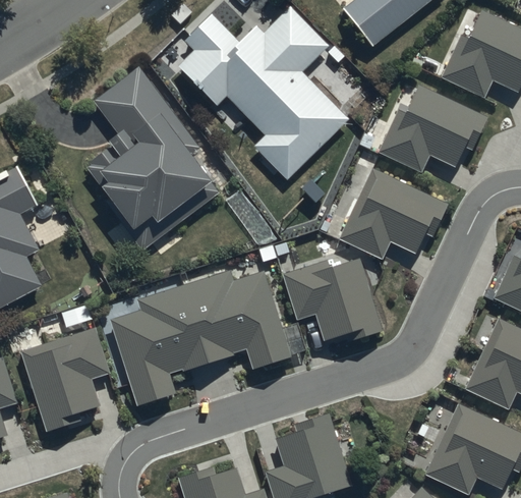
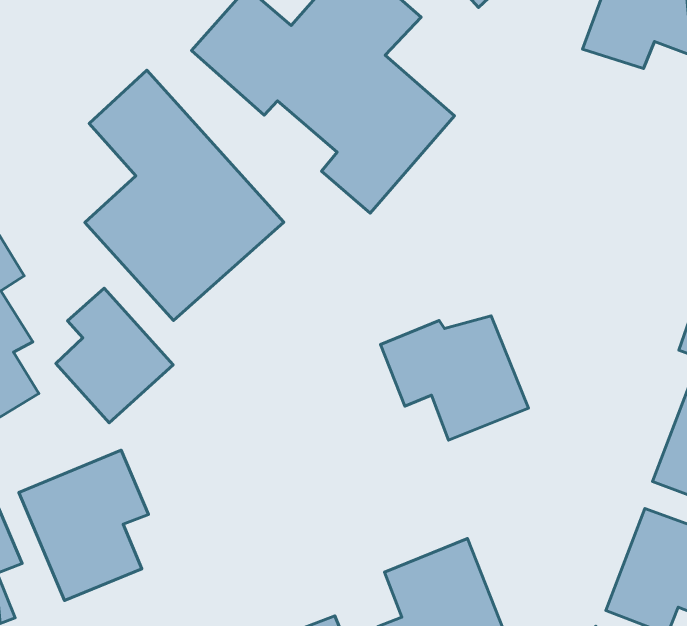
building: [378,81,487,172] -> none
building: [336,169,447,259] -> none
building: none -> [56,288,173,423]
building: [111,269,291,407] -> none

